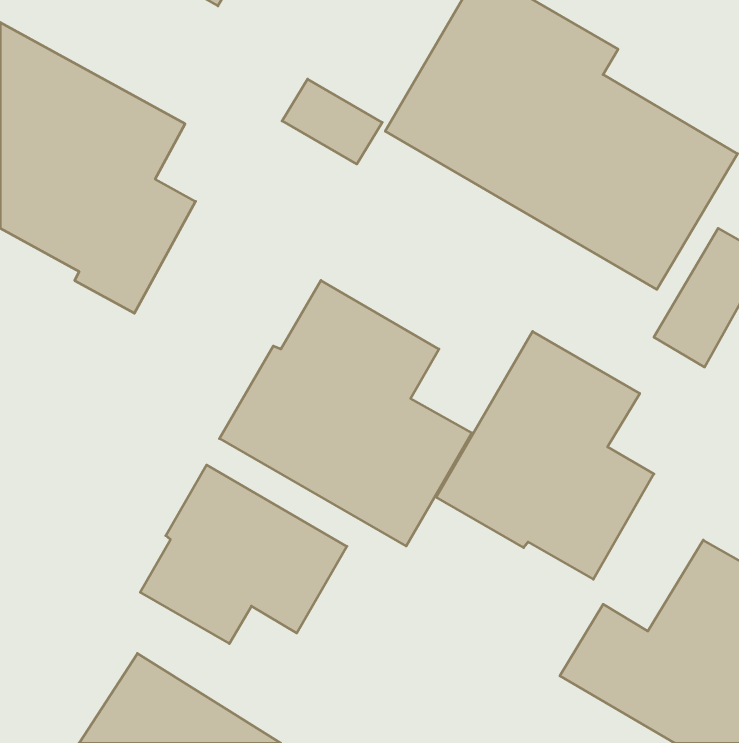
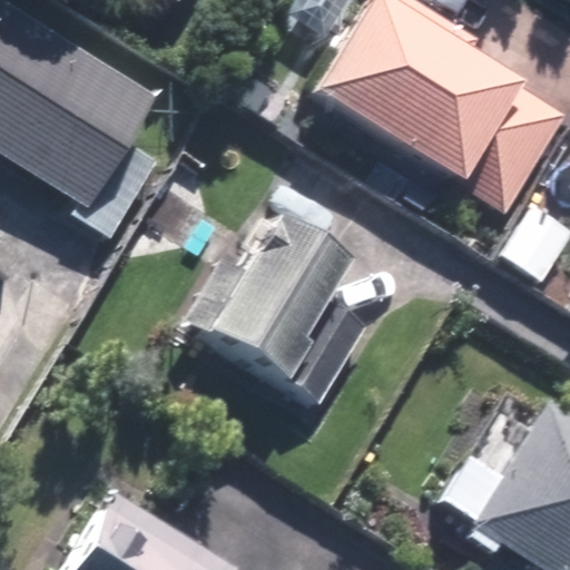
building: [436,331,654,579] -> none
building: [140,465,347,644] -> none

